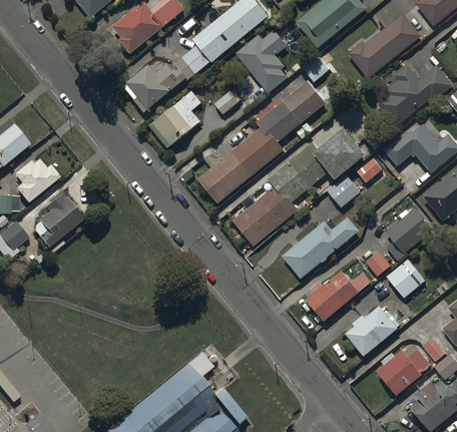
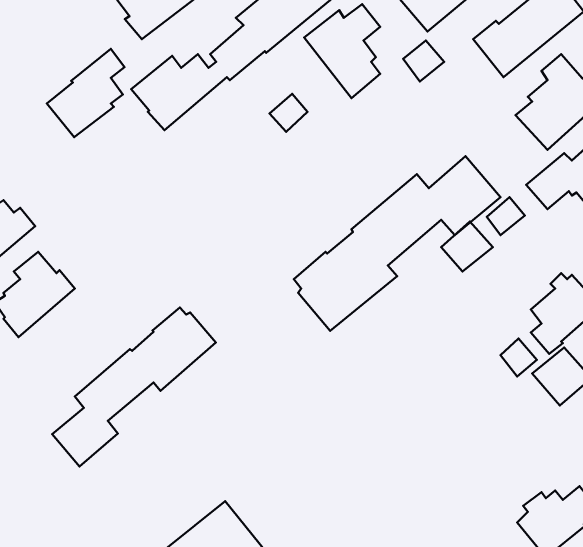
building: [197,80,326,203] -> none
building: [149,88,200,146] -> [47,49,124,137]
building: [282,218,359,279] -> none
building: none -> [52,307,216,467]
building: [306,272,371,321] -> none
building: [345,306,399,357] -> none

